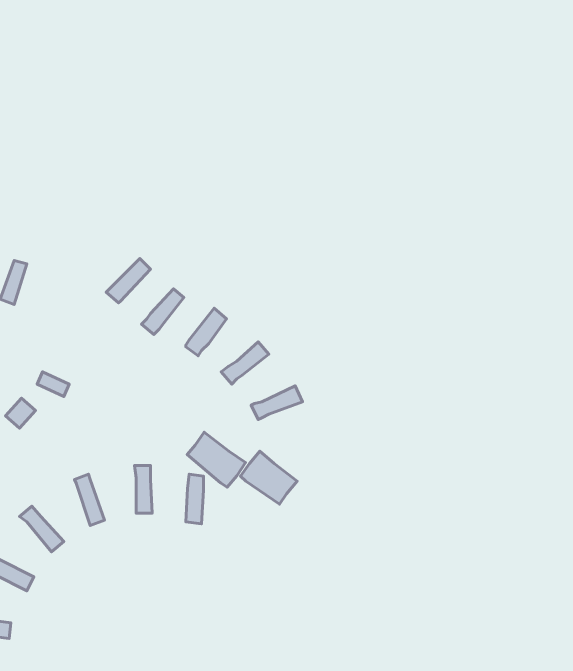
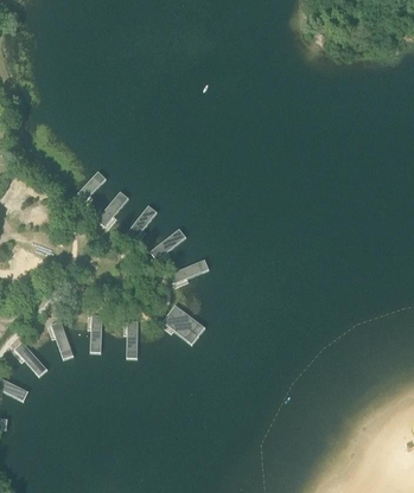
building: [187,432,246,487] -> none

